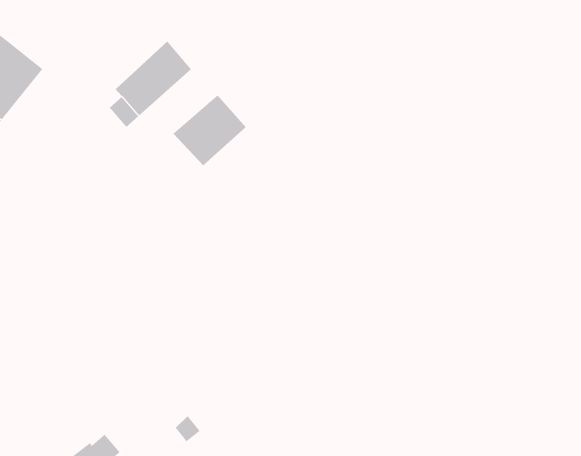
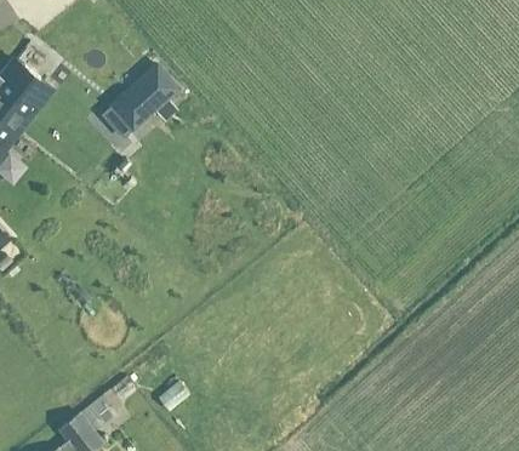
building: [172,95,247,166] -> none

